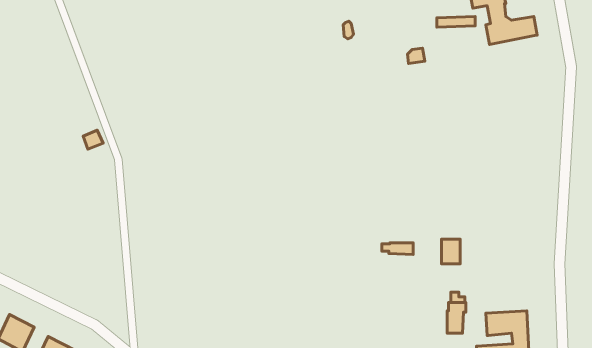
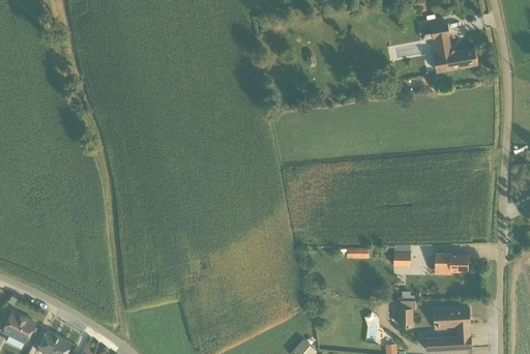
building: none -> [435,254,468,274]

